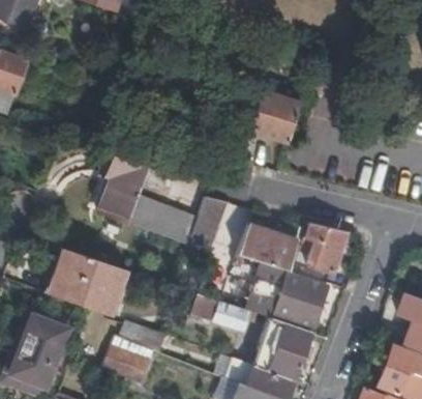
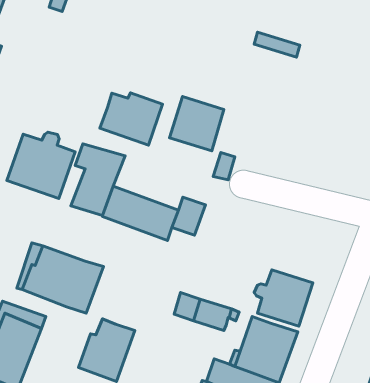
building: [249,93,301,145] -> [169,97,224,151]
building: none -> [100,93,162,145]
building: none -> [7,132,75,198]
building: [305,224,346,274] -> none
building: [237,226,299,272] -> none

